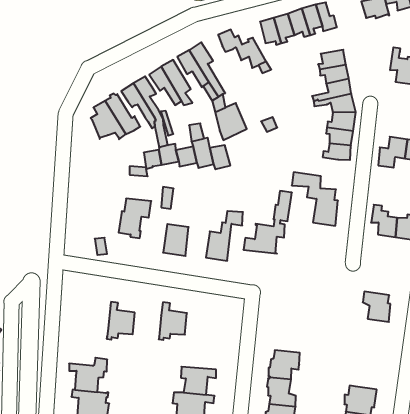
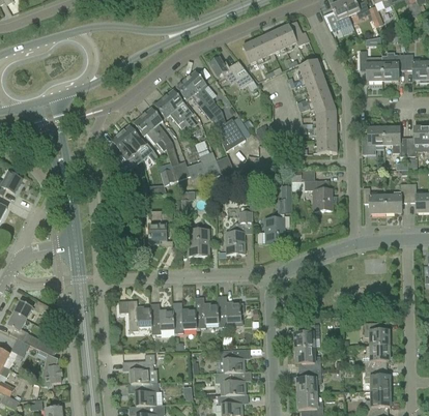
building: [363,292,390,322] -> [364,322,389,345]
building: none -> [118,300,151,333]
building: none -> [172,302,196,334]
building: none -> [217,295,244,328]

